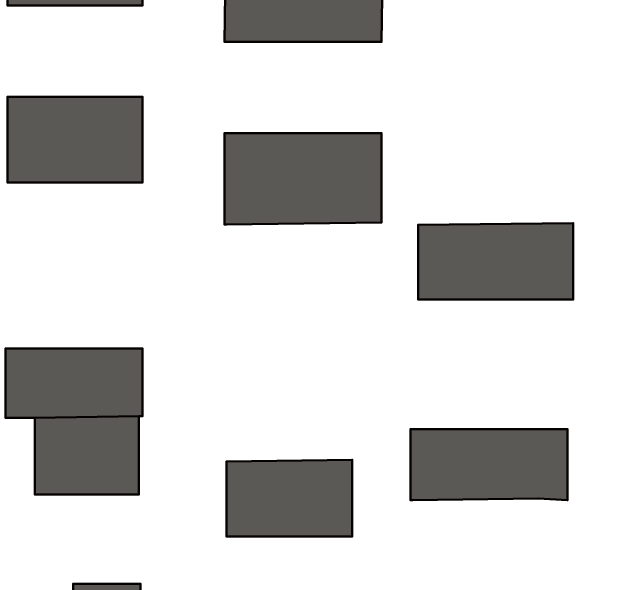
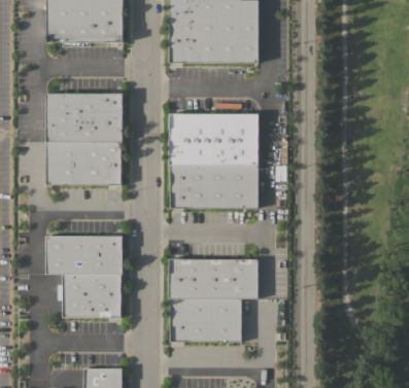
building: none -> [46,142,121,185]
building: [418,223,573,300] -> [170,165,258,208]
building: [411,429,567,500] -> [169,259,258,299]

